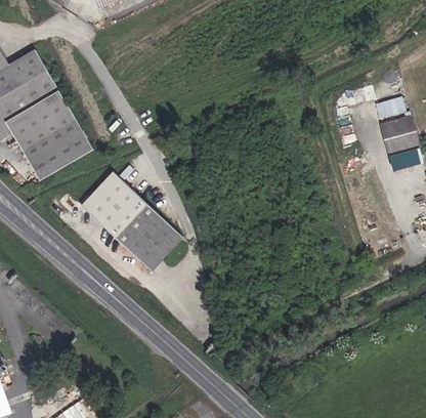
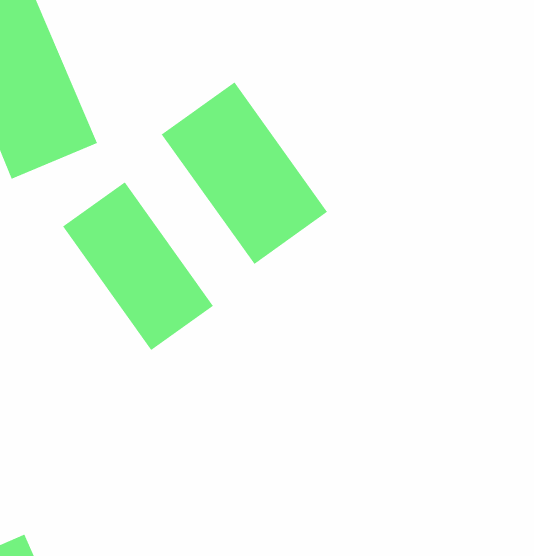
building: none -> [161,82,328,265]

